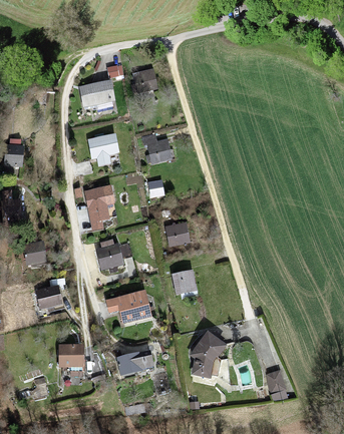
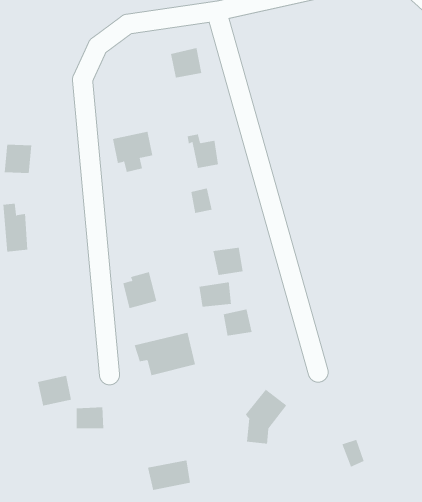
building: [79,79,115,106] -> none
building: [84,185,114,230] -> none
building: [23,240,47,266] -> none
building: none -> [199,282,231,308]
building: [36,285,63,309] -> [37,375,72,406]
building: [116,354,150,378] -> [147,460,191,491]

